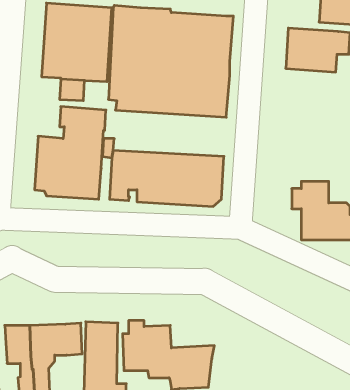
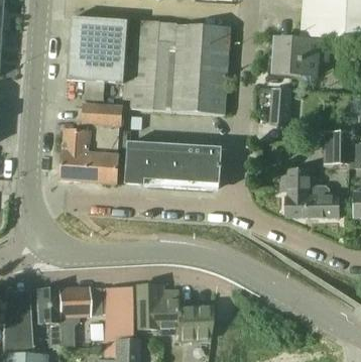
building: none -> [270,89,291,126]

